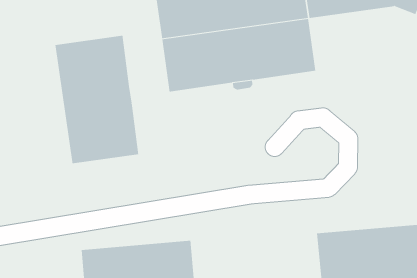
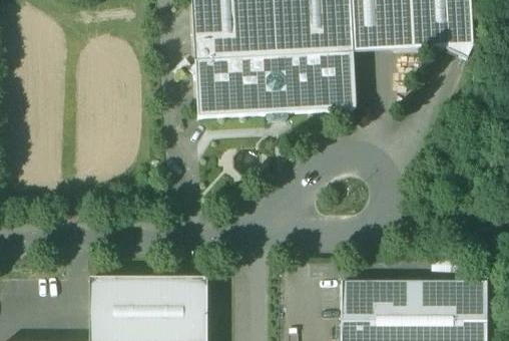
building: [55,35,139,164] -> none

